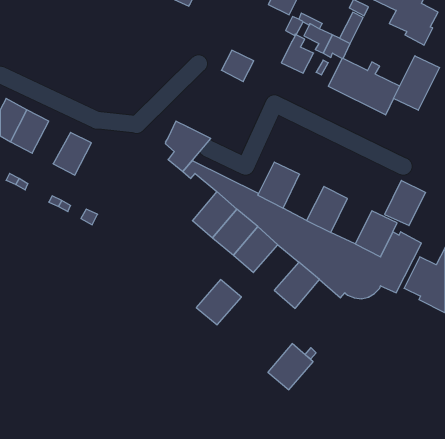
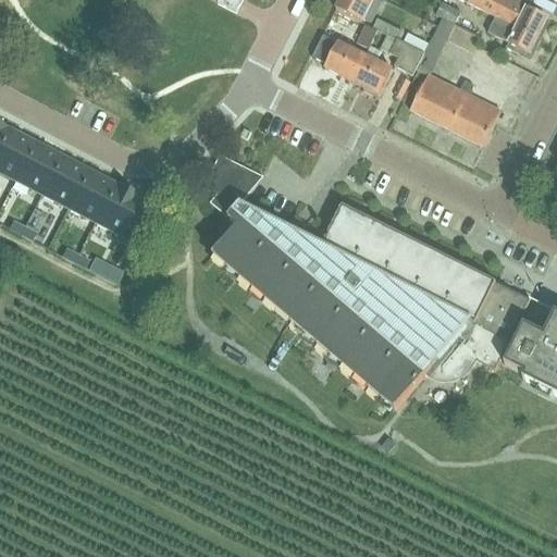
building: [221,50,254,82] -> [324,39,364,78]
building: [394,56,440,110] -> none
building: none -> [40,151,88,205]
building: none -> [94,178,141,233]
building: none -> [213,216,271,275]
building: none -> [354,218,405,275]
building: [385,180,426,226] -> [413,248,465,305]
building: [196,280,241,325] -> [317,306,373,362]
building: [268,344,313,390] -> [369,349,425,407]

